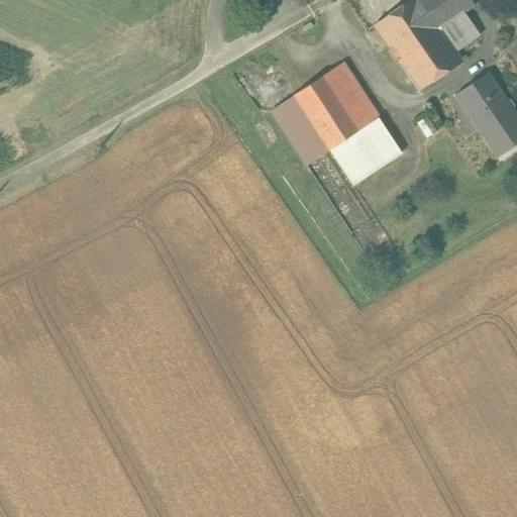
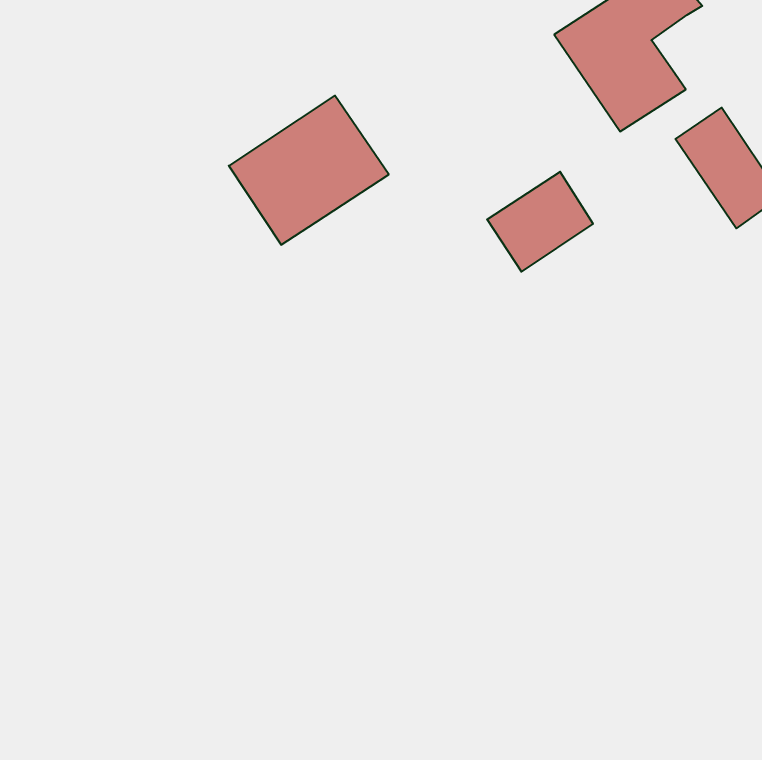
building: [441,10,482,50] -> none
building: [272,63,380,164] -> [229,96,389,245]

